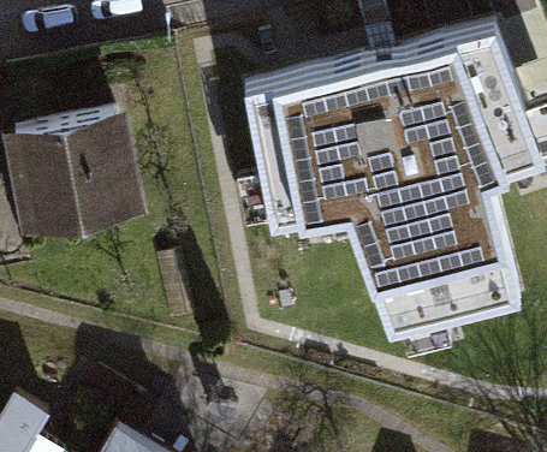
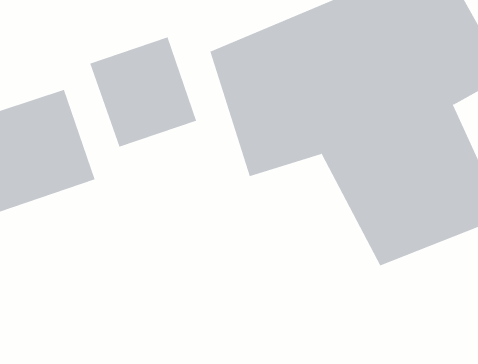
building: none -> [89,36,197,148]

